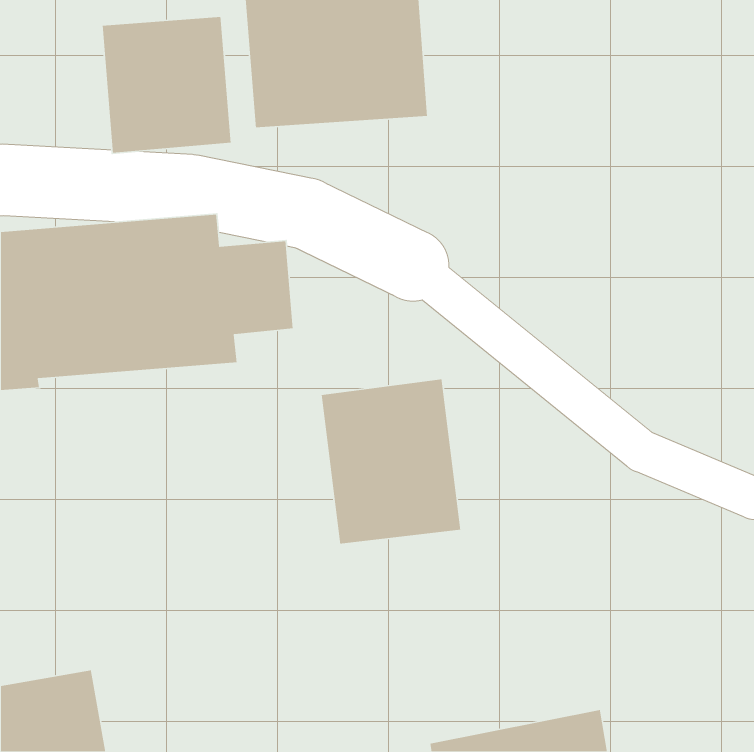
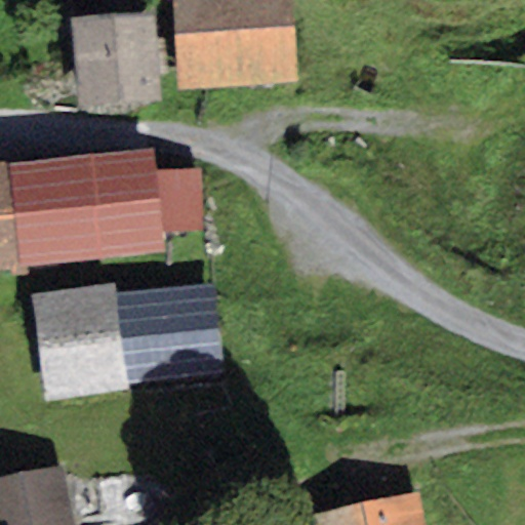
building: [321,379,461,545] -> none
building: none -> [31,281,226,399]

